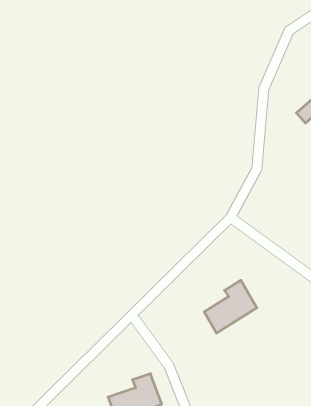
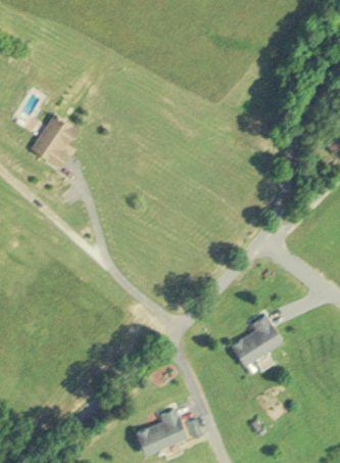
building: none -> [31,113,79,170]

